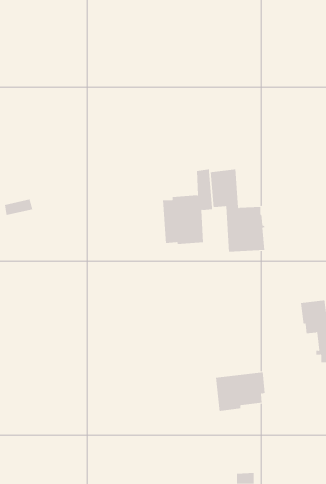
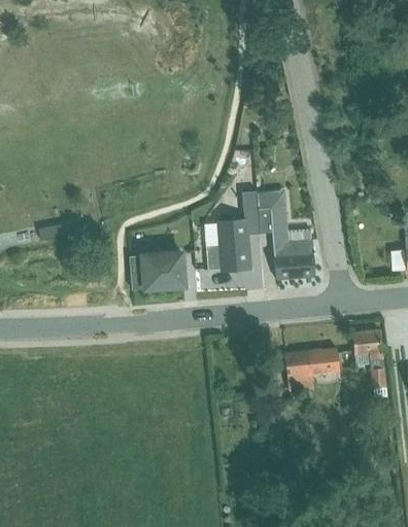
building: none -> [130,250,184,290]
building: [215,372,266,411] -> [285,349,339,391]

